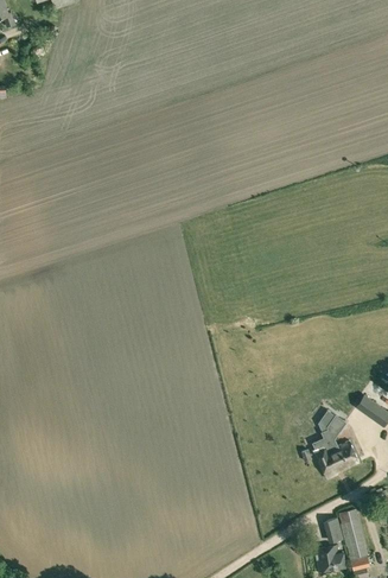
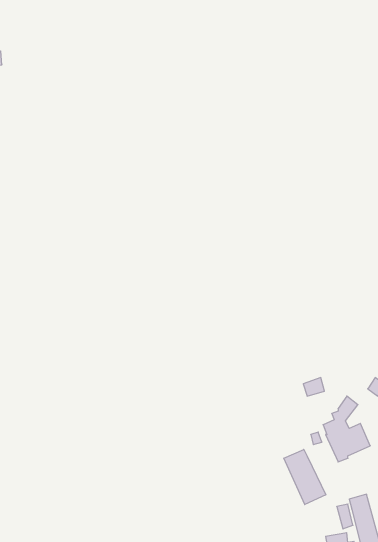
building: none -> [284,449,326,505]

